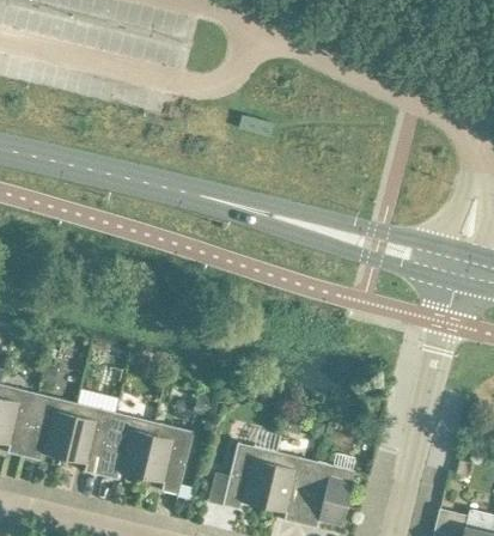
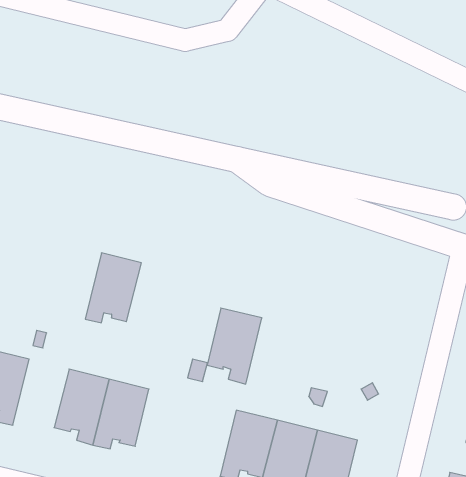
building: [23,392,77,459] -> [85,253,141,323]
building: [140,421,193,494] -> [207,308,262,384]

